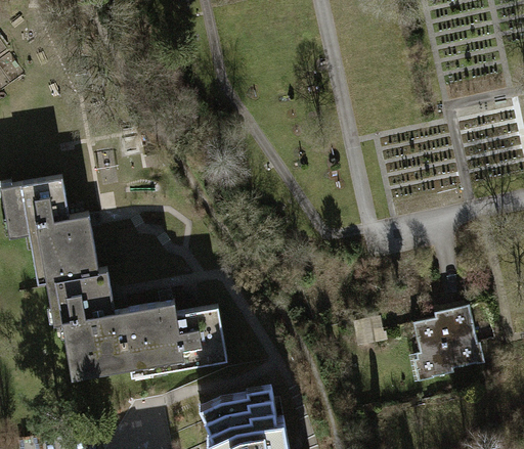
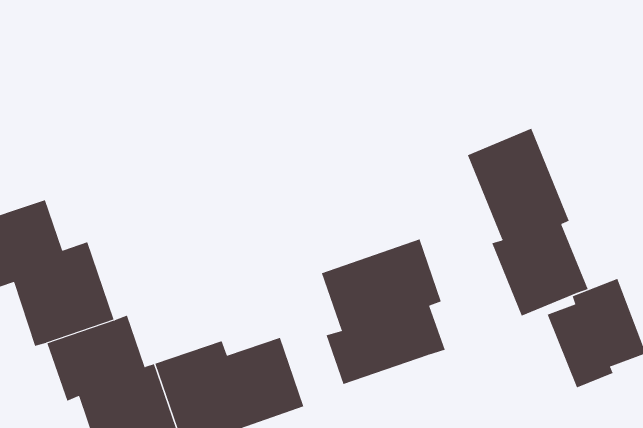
building: none -> [467,128,588,316]
building: none -> [321,238,445,385]

